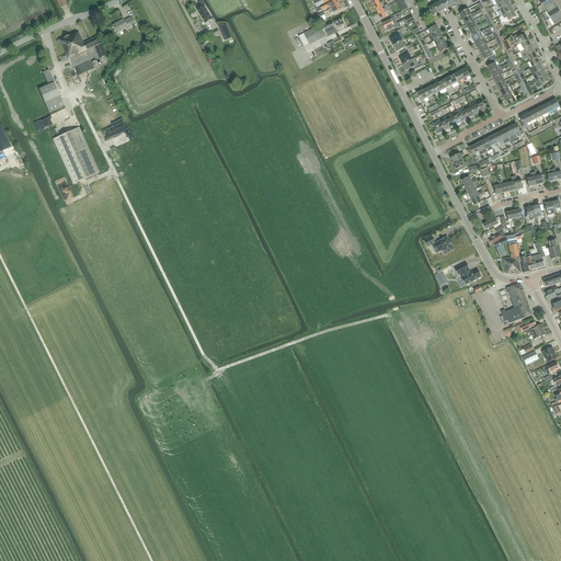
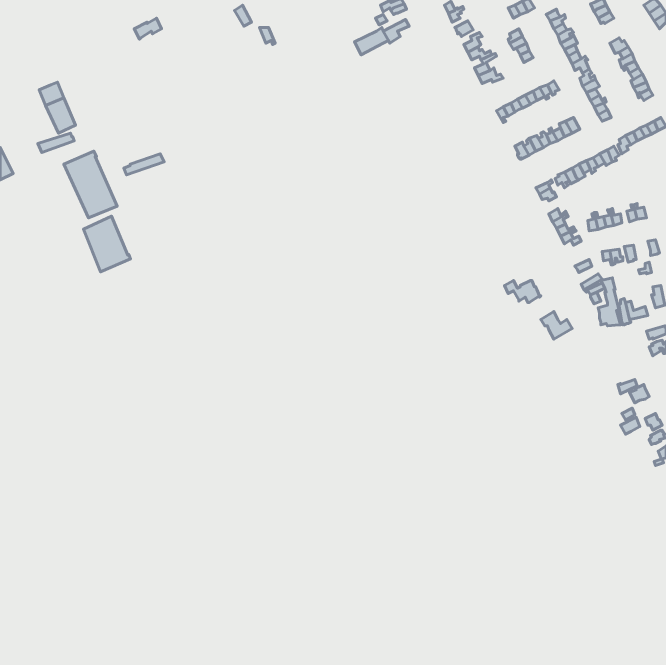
building: [60,32,106,67] -> none
building: none -> [84,216,130,272]
building: [501,283,533,323] -> none

